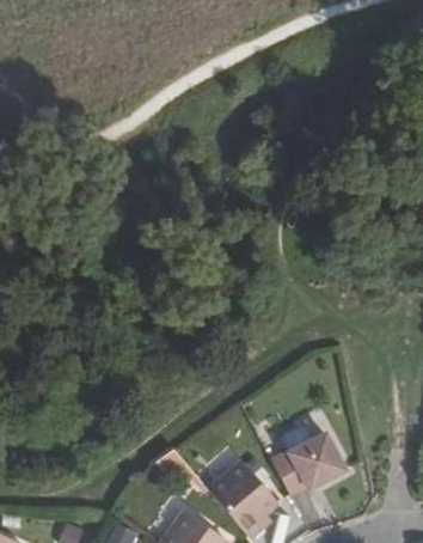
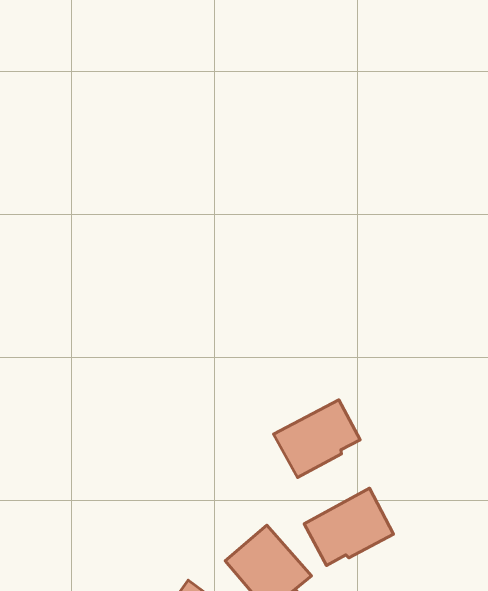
building: none -> [273,400,360,478]

